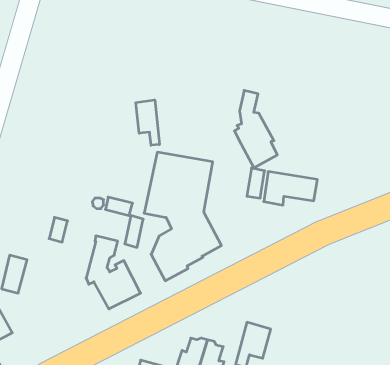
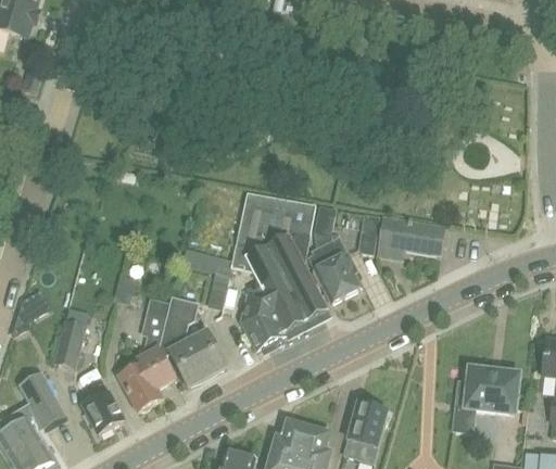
building: [234,90,277,168] -> [307,206,361,302]
building: [136,100,159,145] -> none
building: none -> [117,296,174,410]
building: none -> [451,368,517,432]
building: none -> [83,378,123,432]

